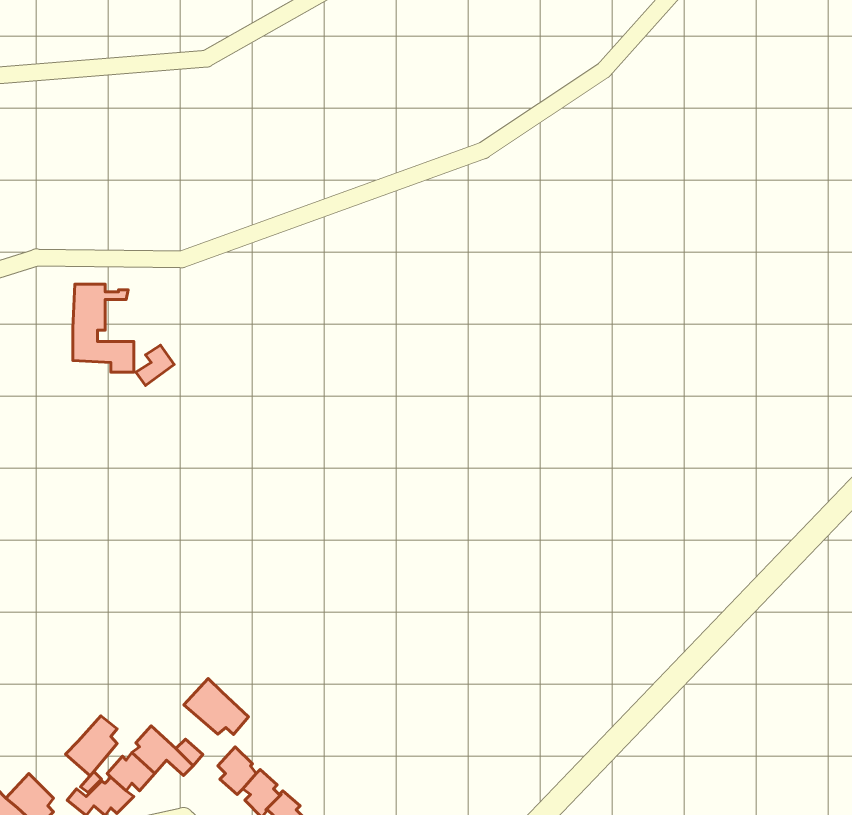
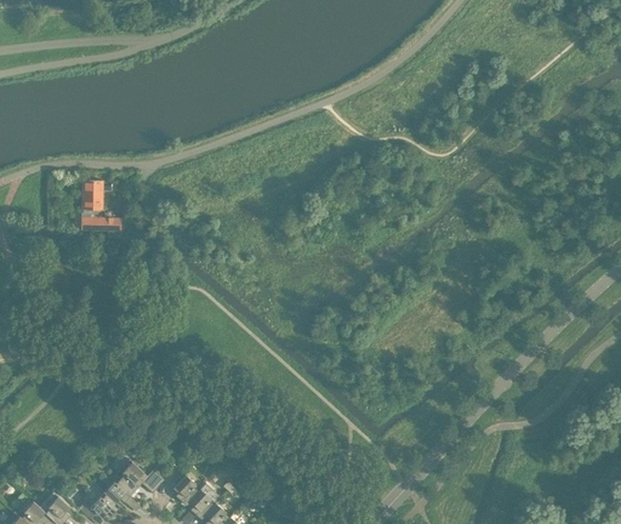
building: [184,678,248,734] -> none
building: [66,716,117,776] -> none

